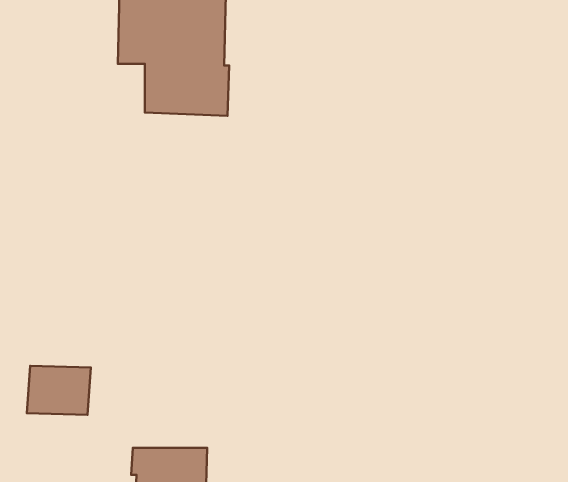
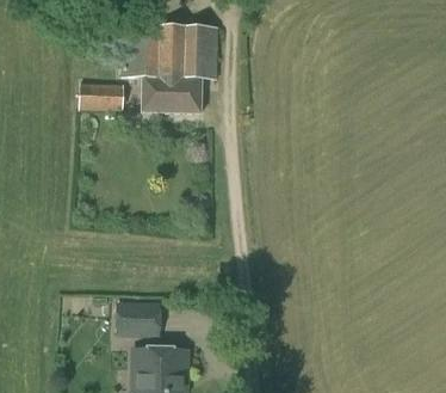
building: none -> [80,84,124,110]
building: [27,366,91,415] -> [116,302,161,337]

